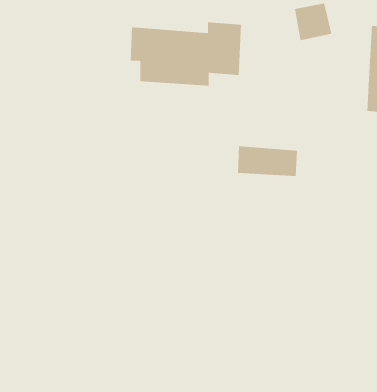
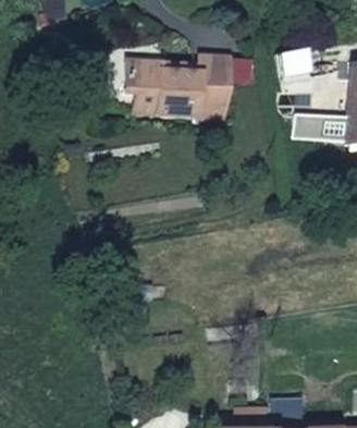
building: [237,146,298,177] -> [292,114,347,143]

